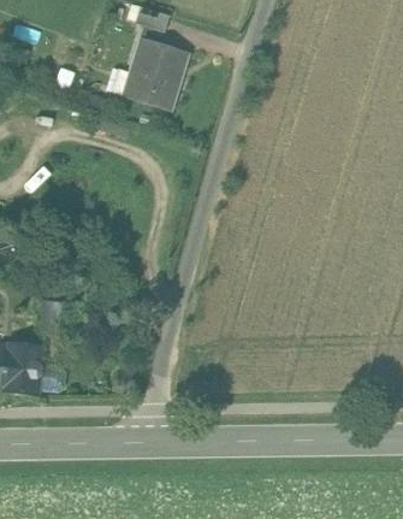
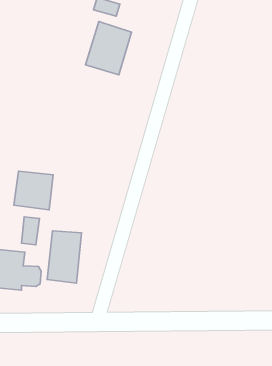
building: none -> [14,171,53,210]
building: none -> [47,231,82,283]

